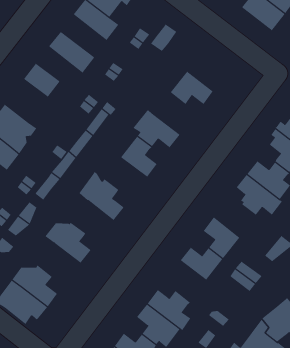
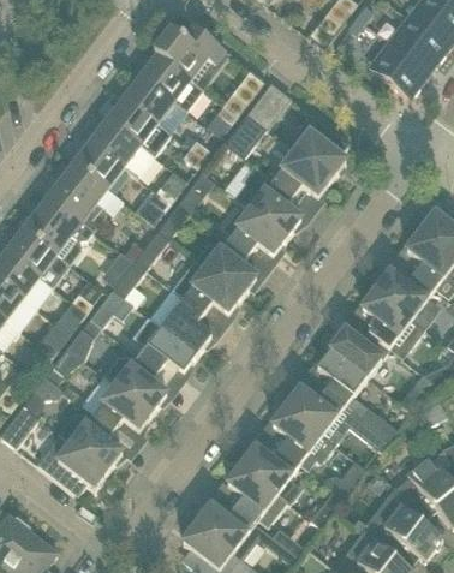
building: none -> [125,72,187,131]
building: none -> [223,112,262,154]
building: none -> [287,113,347,177]
building: none -> [91,115,155,174]
building: none -> [49,160,108,227]
building: none -> [234,162,301,235]
building: none -> [184,265,243,312]
building: none -> [137,315,197,370]
building: none -> [331,328,389,375]
building: none -> [94,382,153,429]
building: none -> [273,405,334,462]

